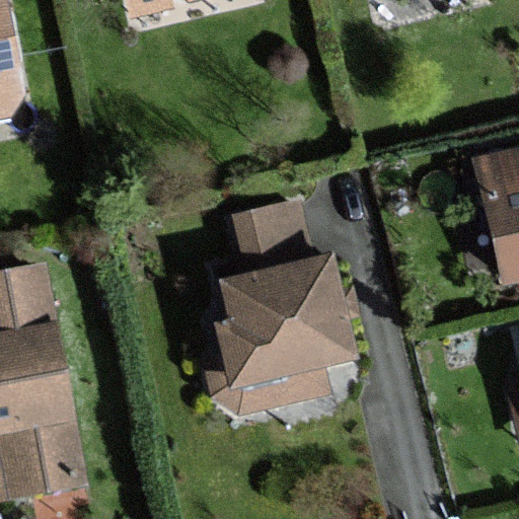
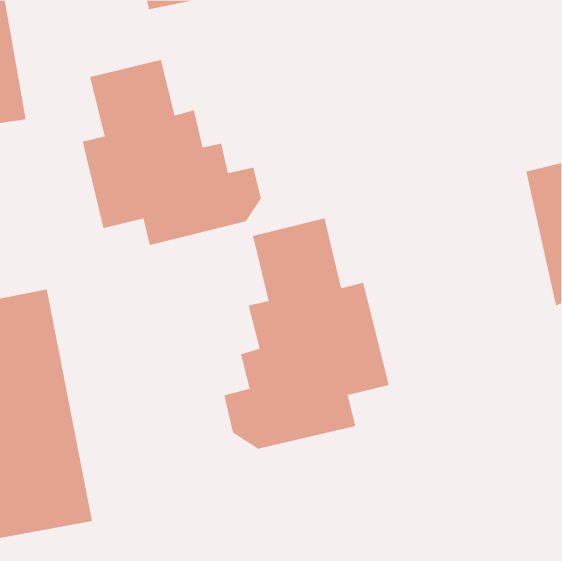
building: none -> [82,59,261,246]

